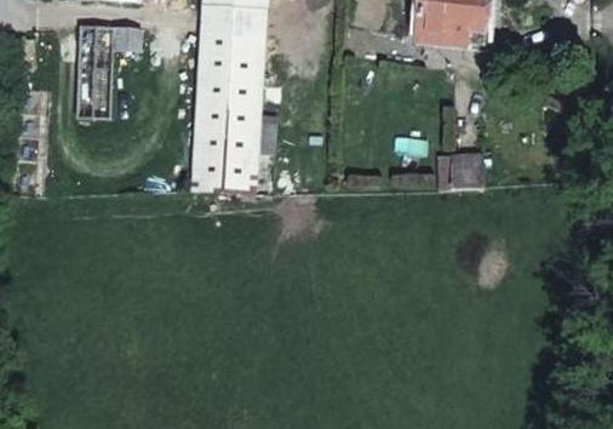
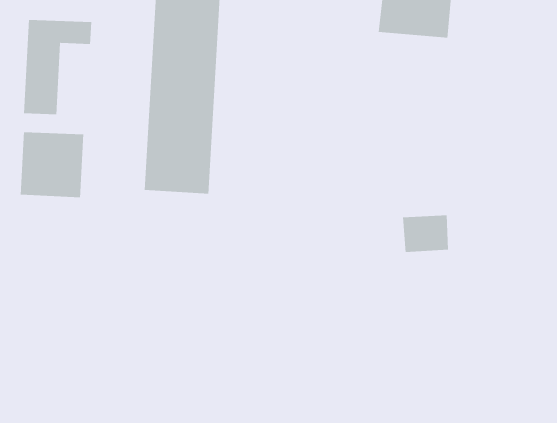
building: none -> [20,132,84,198]
building: [437,151,482,188] -> [402,215,449,252]

